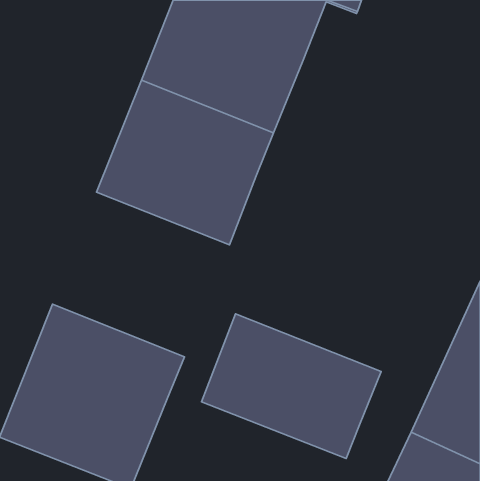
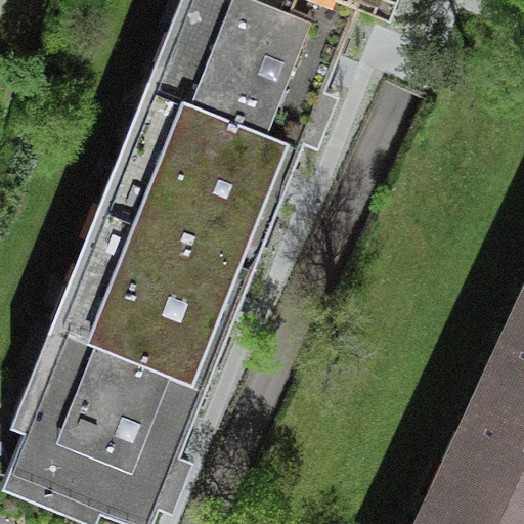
building: none -> [56,214,246,390]
building: [202,314,381,459] -> none

